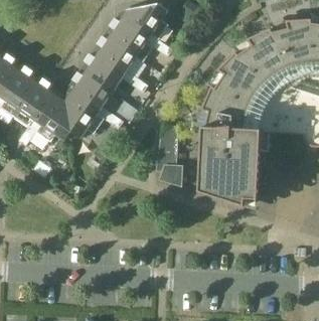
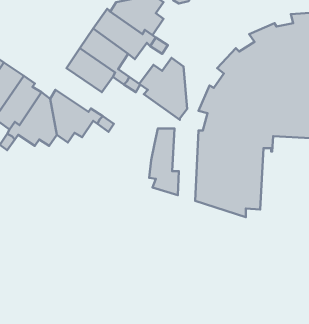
building: none -> [139,58,187,120]
building: [72,67,115,108] -> none

